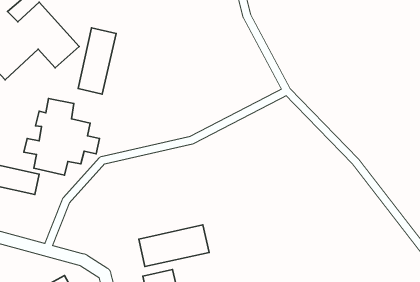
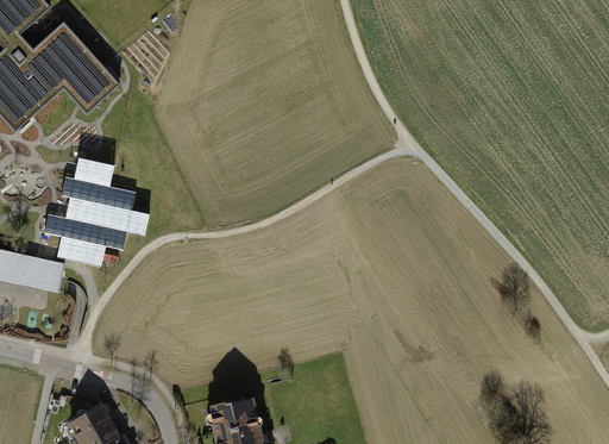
building: [78,28,116,94] -> none
building: [139,225,209,266] -> none

